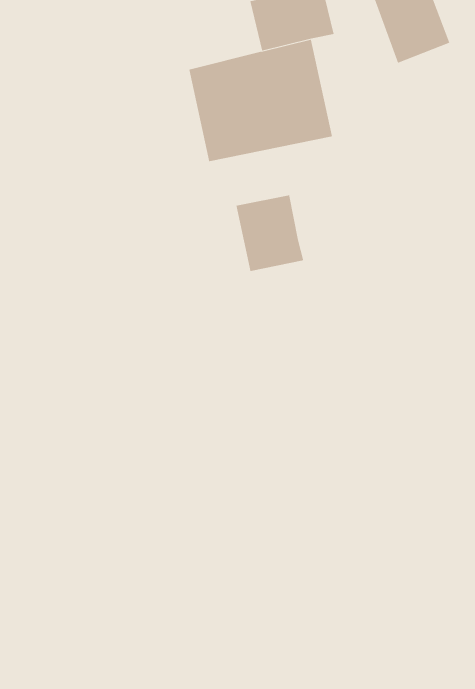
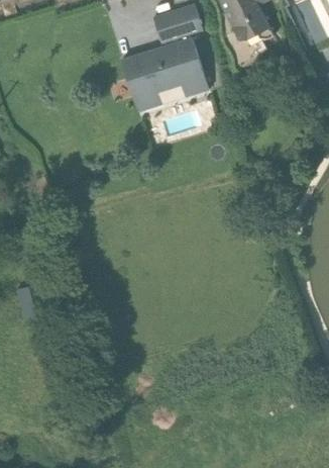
building: [236,194,304,272] -> none

